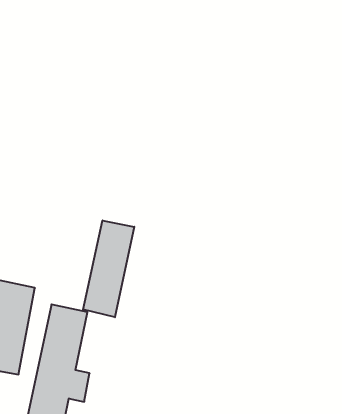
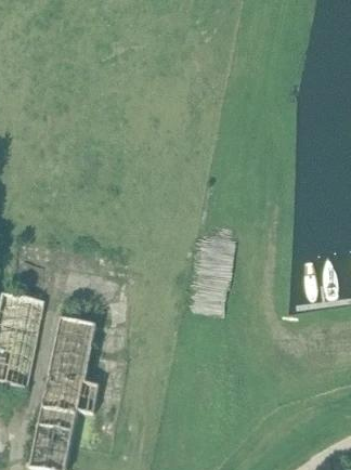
building: [83,220,134,317] -> none

